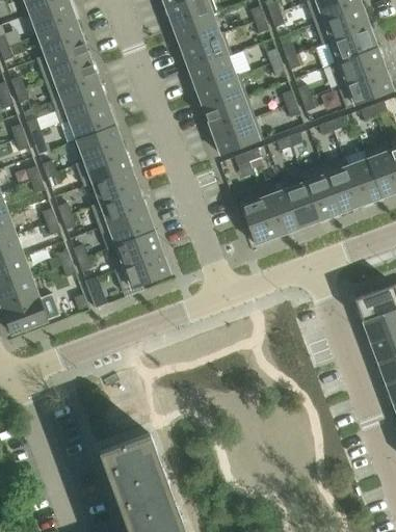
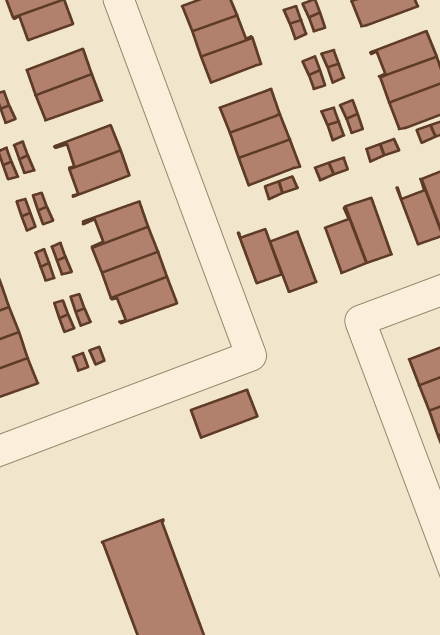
building: [315,6,369,45] -> none
building: [36,21,84,59] -> none
building: [190,54,240,90] -> none
building: [53,84,107,123] -> none
building: [76,147,131,185] -> none
building: [323,157,362,212] -> none
building: [262,190,298,235] -> [238,229,282,283]
building: [115,252,170,292] -> [191,390,257,438]

